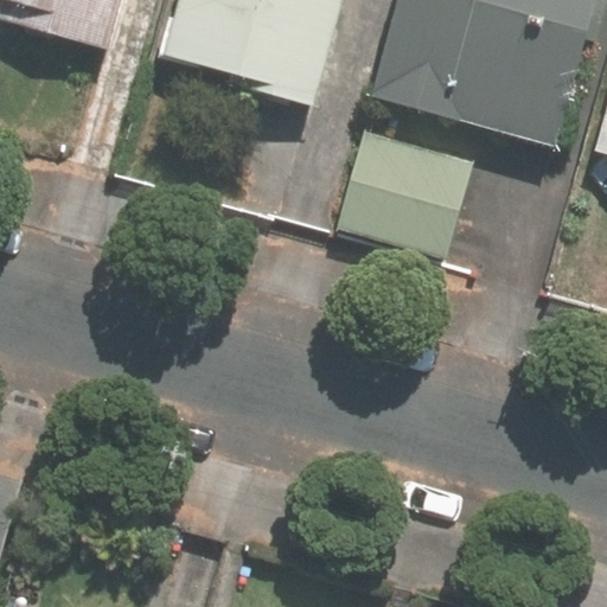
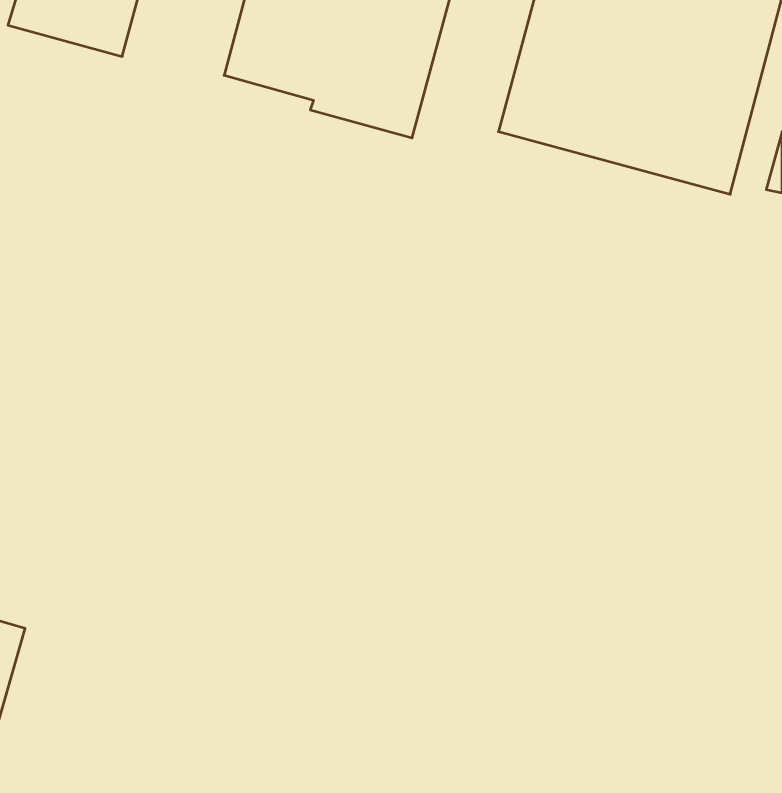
building: [325,126,460,248] -> none

